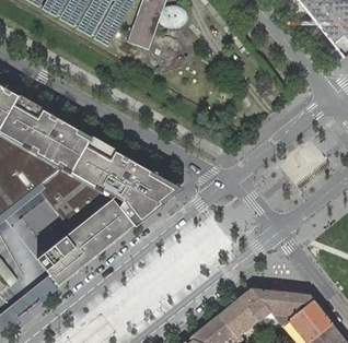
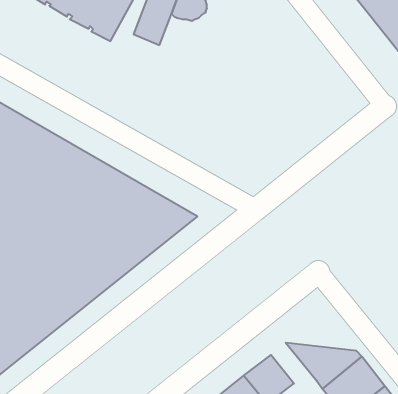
building: [240,288,277,322] -> none

